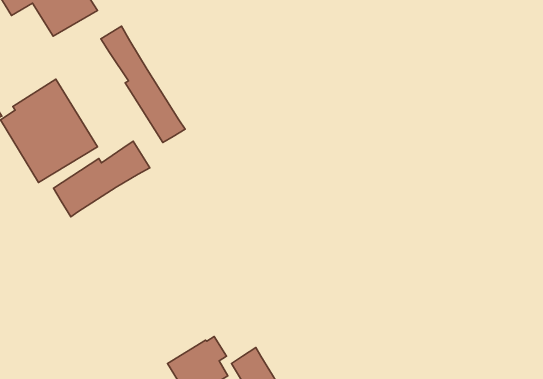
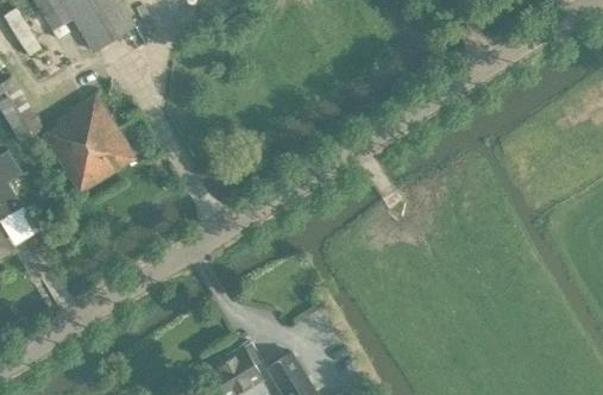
building: [101,26,185,142] -> none
building: [53,141,150,217] -> none

